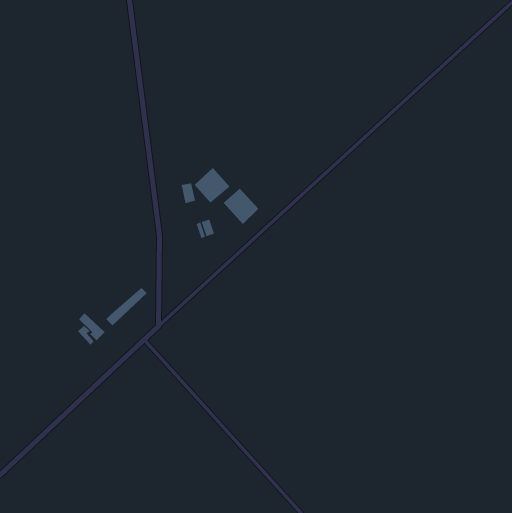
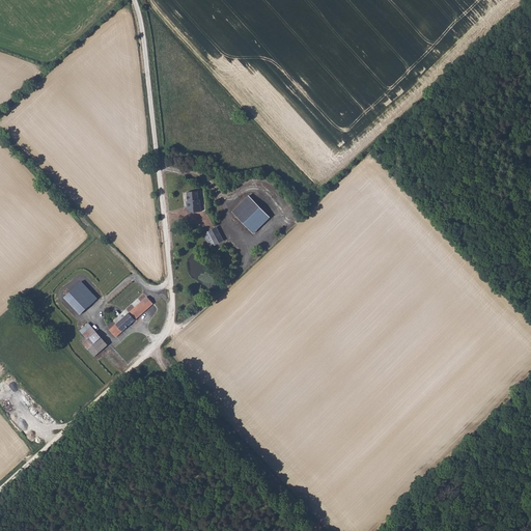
building: [194,167,230,203] -> none
building: none -> [63,281,96,314]

